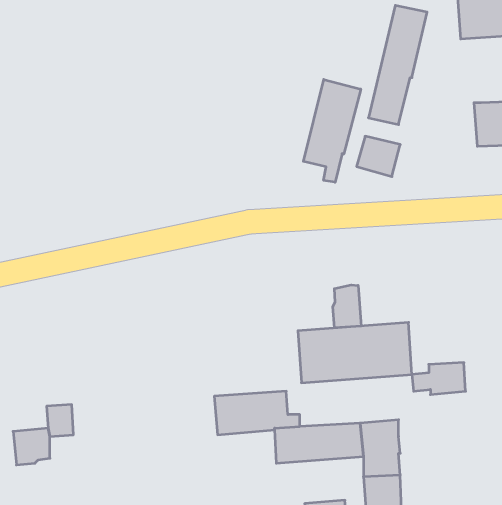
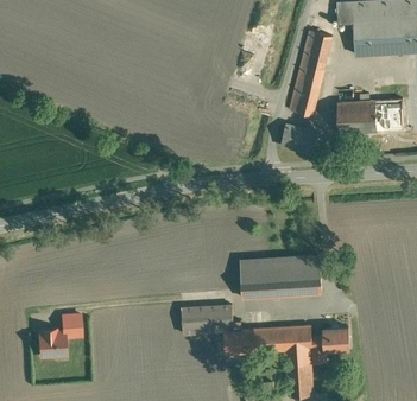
building: [303,79,361,182] -> none
building: none -> [337,100,367,133]
building: [333,285,361,328] -> none
building: [412,363,466,395] -> [311,327,349,350]

